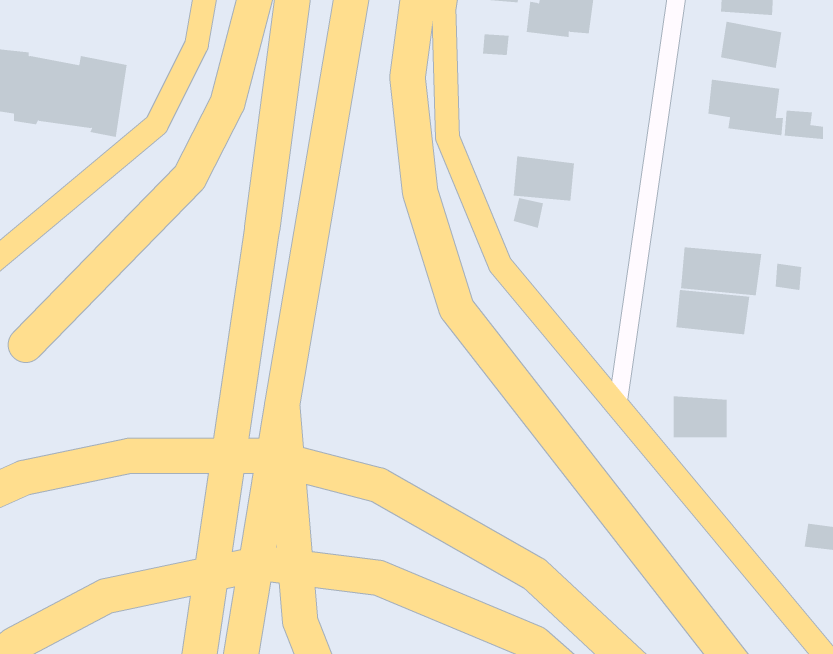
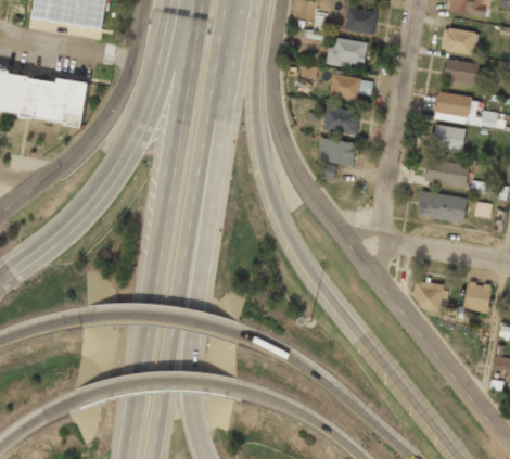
building: none -> [330,75,372,99]
building: none -> [323,107,358,133]
building: none -> [430,125,464,152]
building: [676,289,750,335] -> [424,160,469,187]
building: none -> [463,282,492,313]

